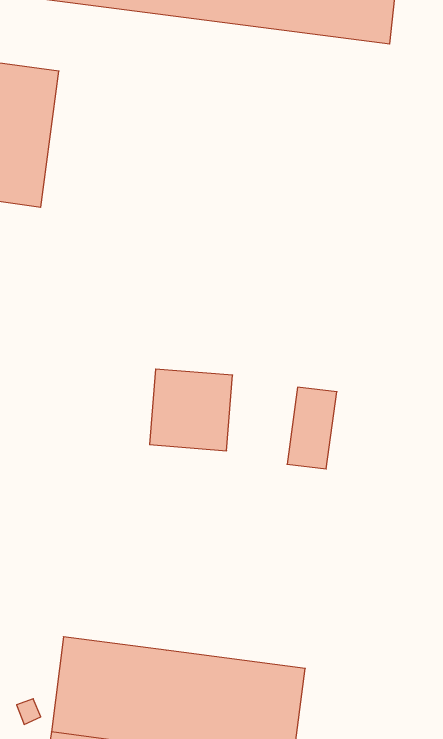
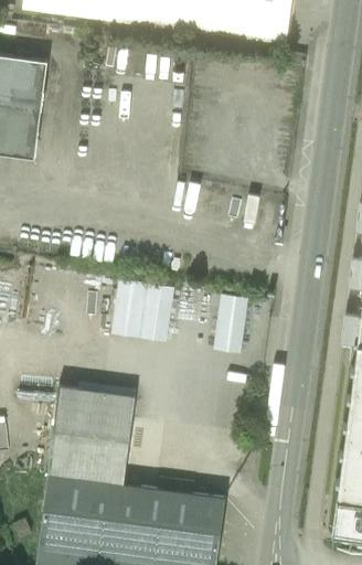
building: none -> [50,385,137,483]

